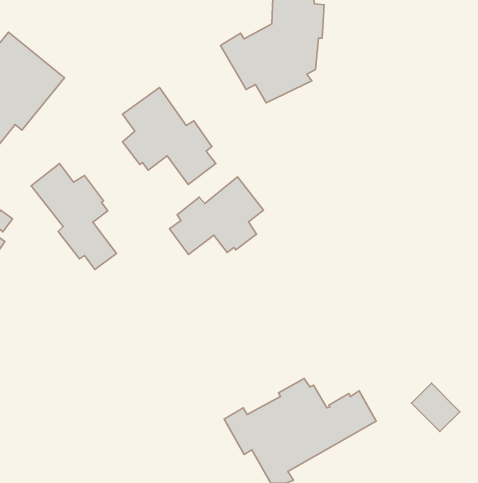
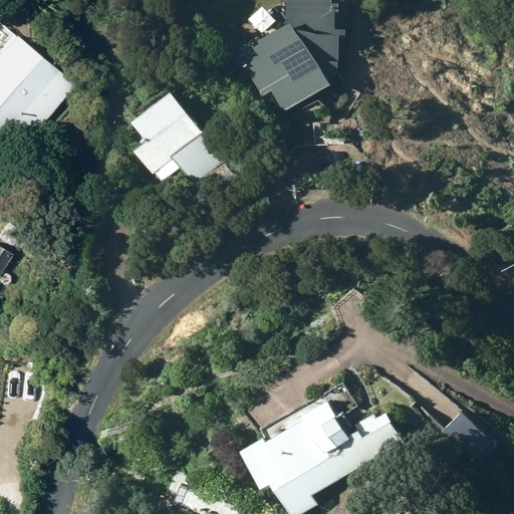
building: [31,164,117,270] -> none
building: [169,177,263,255] -> none

